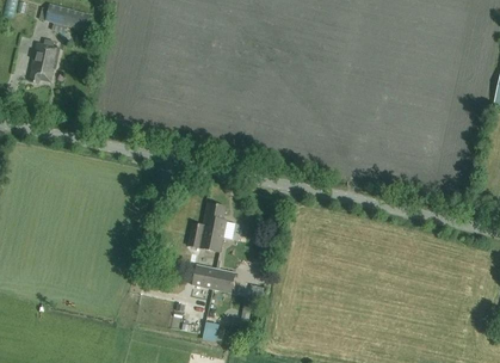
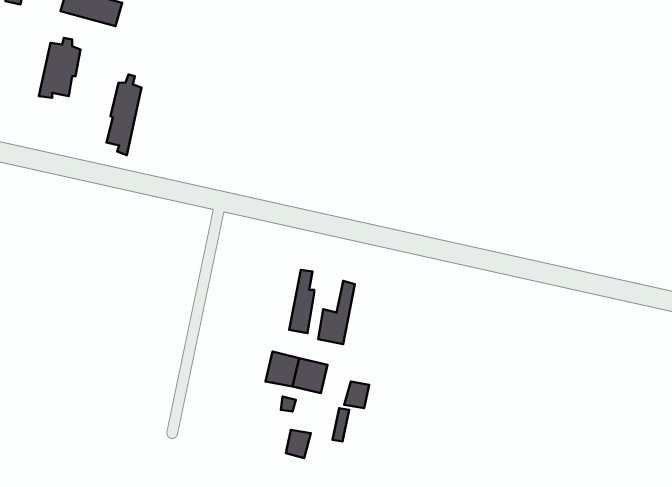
building: none -> [107,75,142,155]
building: [191,202,217,247] -> [318,281,355,344]

